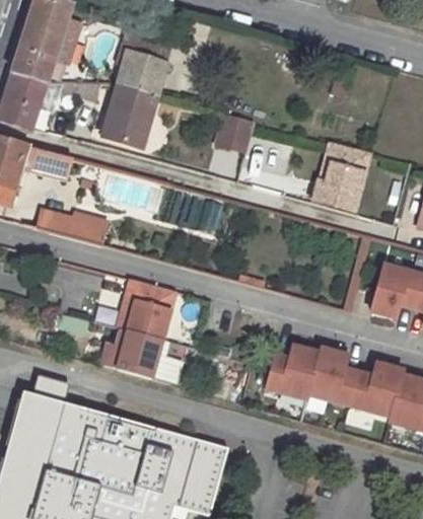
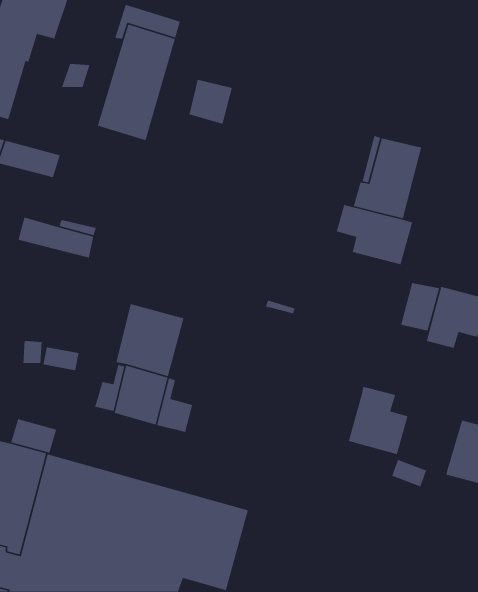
building: [217,115,254,152] -> [188,79,233,125]
building: none -> [336,204,413,265]
building: none -> [400,282,440,332]
building: [266,346,320,398] -> none
building: [349,363,403,416] -> none

